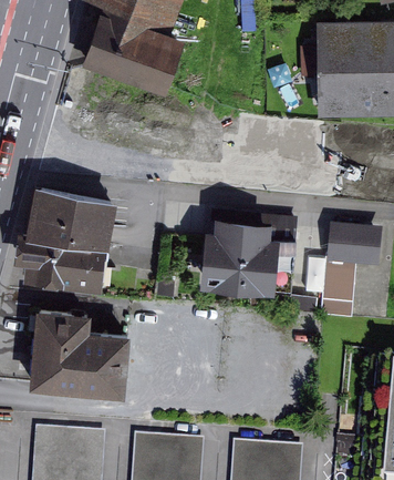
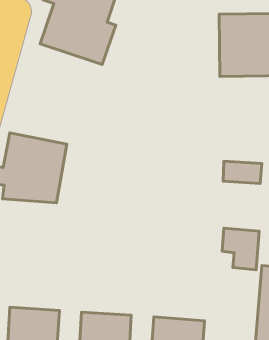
building: [203,219,294,293] -> none
building: [304,256,355,314] -> [222,228,259,270]
building: [28,308,127,389] -> none

